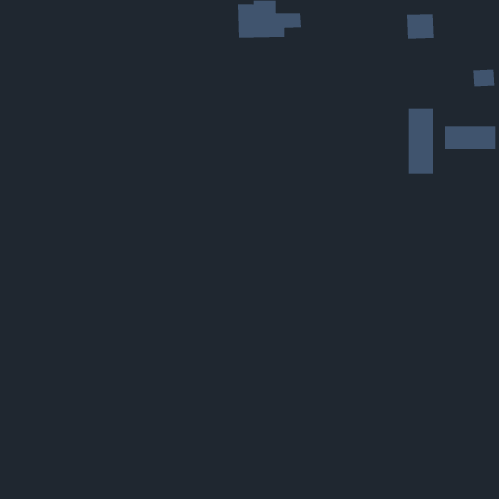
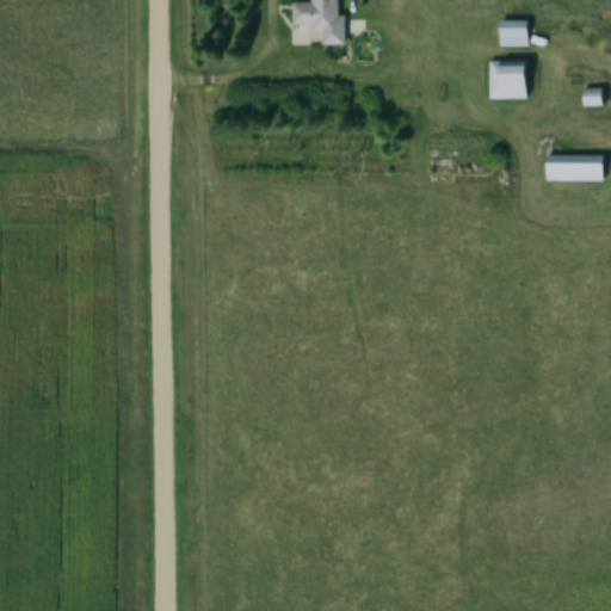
building: none -> [488,62,529,98]
building: [408,108,434,175] -> none

